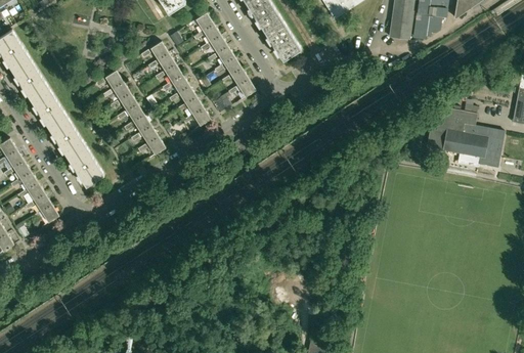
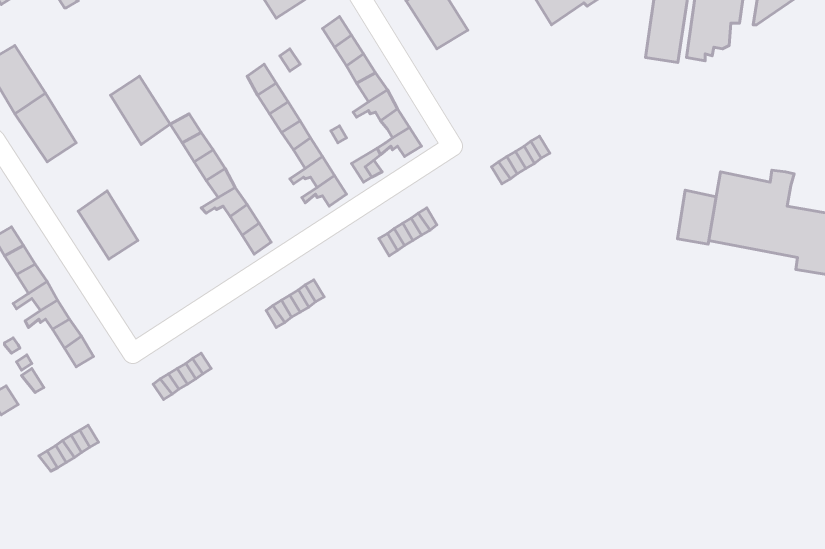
building: [264,20,301,60] -> none
building: [31,88,67,129] -> [110,76,170,145]
building: none -> [678,190,716,244]
building: [68,146,104,186] -> none

